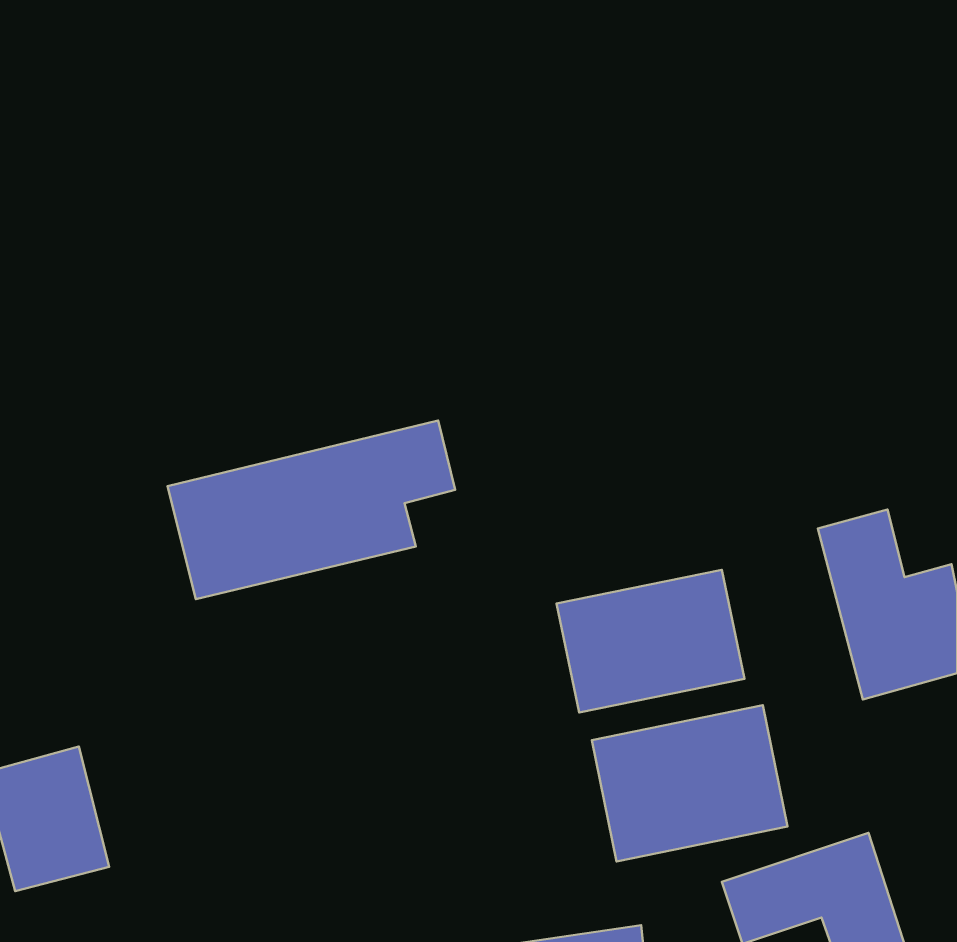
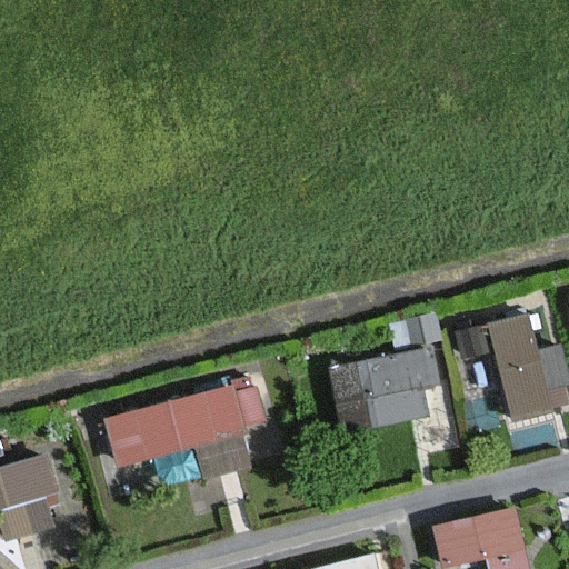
building: [168,420,455,599] -> [100,378,270,483]
building: [592,705,788,862] -> none

